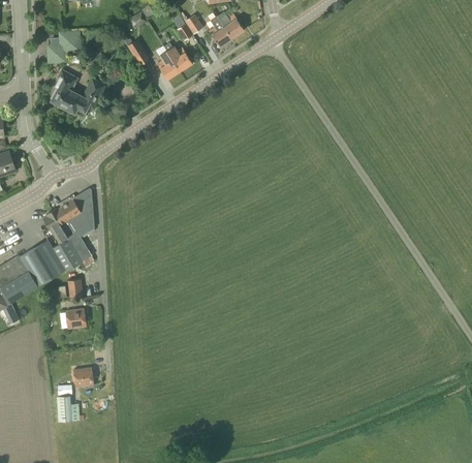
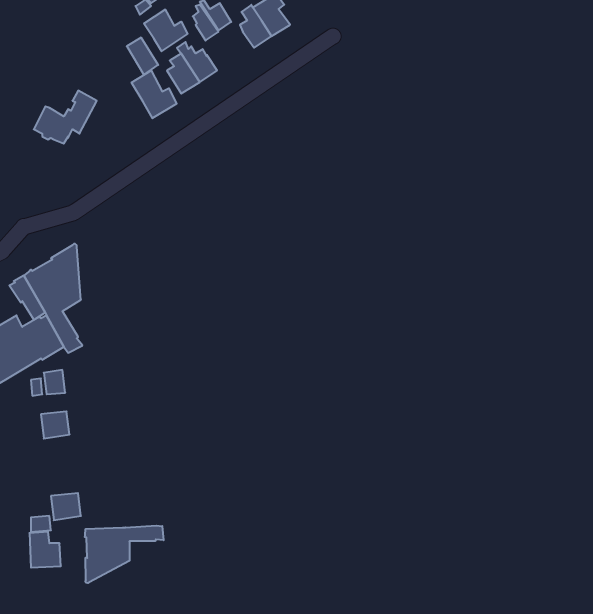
building: none -> [144,9,188,51]
building: [48,31,80,63] -> none
building: none -> [132,71,177,118]
building: [51,69,77,105] -> none
building: none -> [85,526,164,583]

